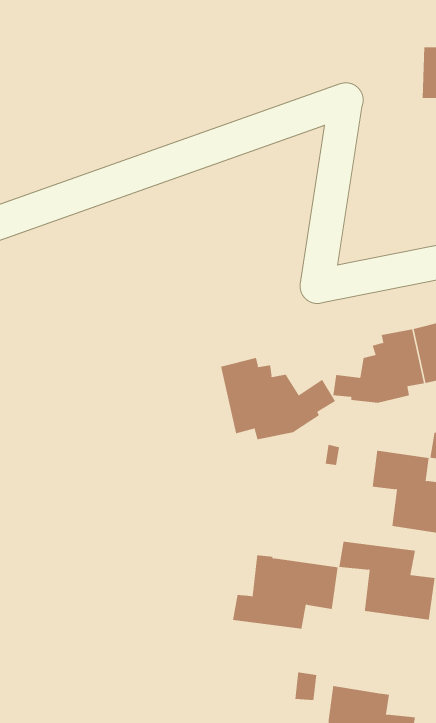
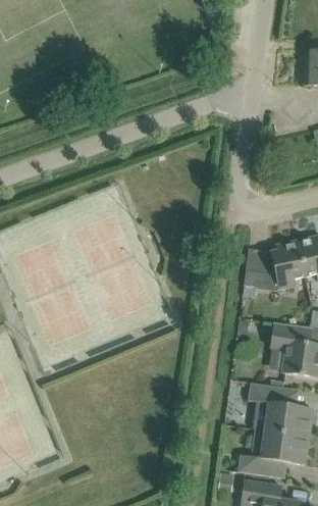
building: [221,357,336,440] -> none
building: [232,555,338,629] -> [237,427,309,477]

